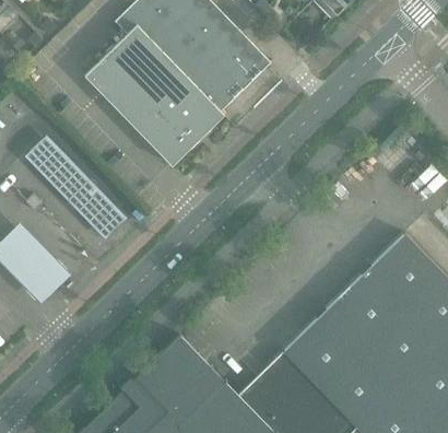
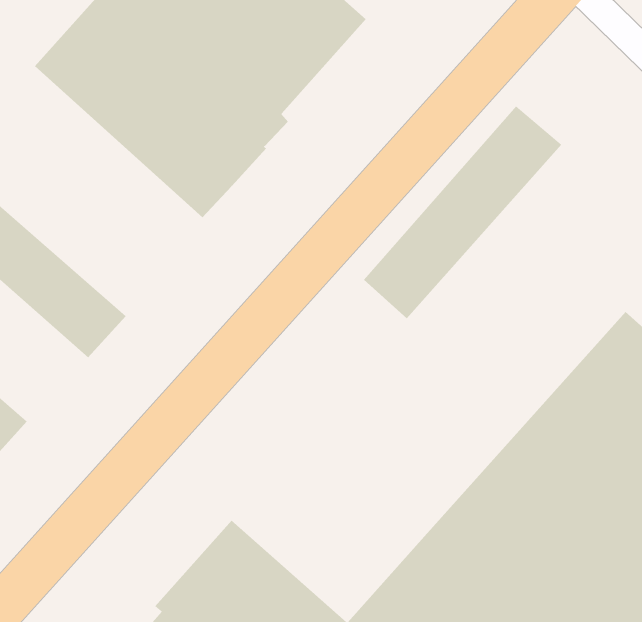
building: none -> [363,106,562,319]

